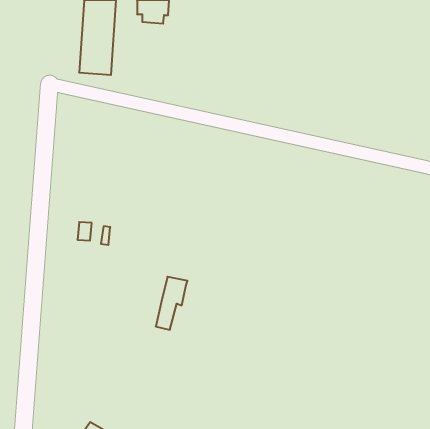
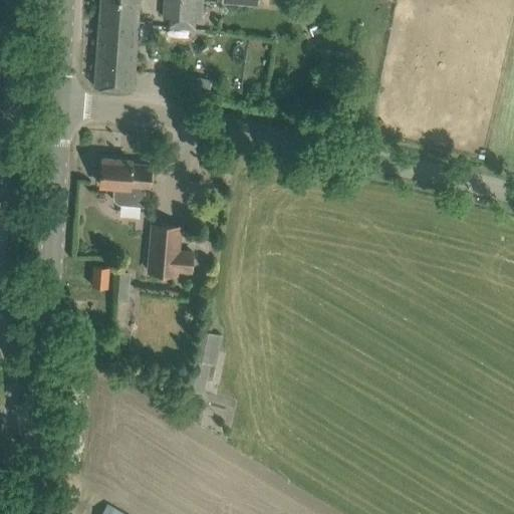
building: none -> [100,160,151,208]
building: none -> [149,225,192,275]

